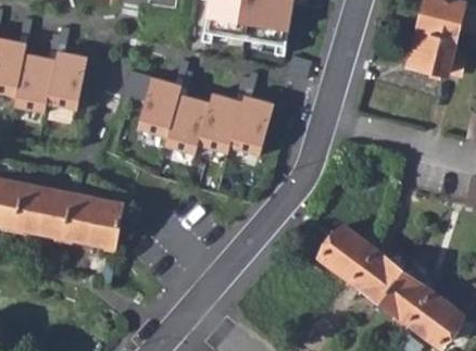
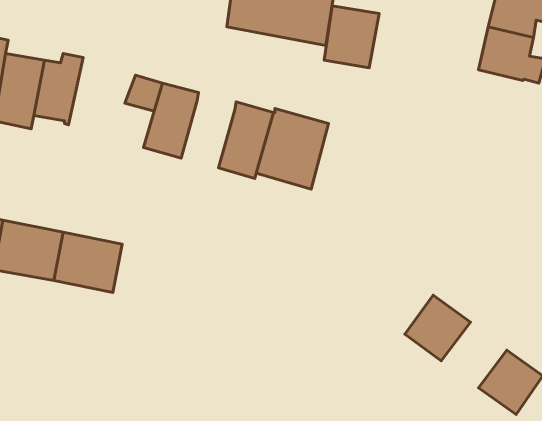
building: none -> [324,6,379,68]
building: [165,84,211,152] -> none
building: [317,226,372,279] -> none
building: [378,269,431,323] -> none

